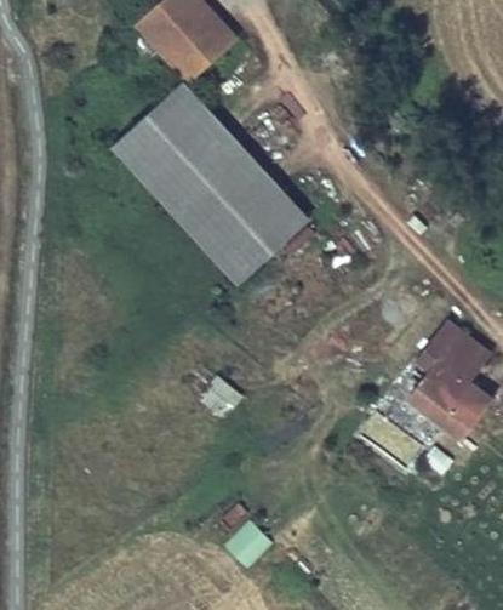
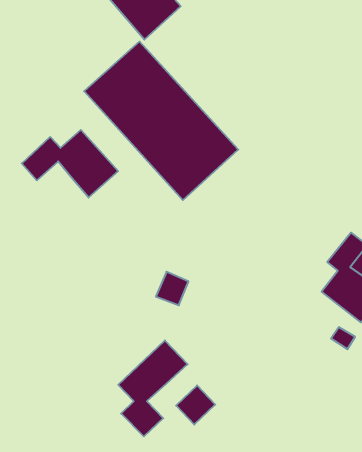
building: none -> [22,130,118,198]
building: none -> [118,340,188,436]

